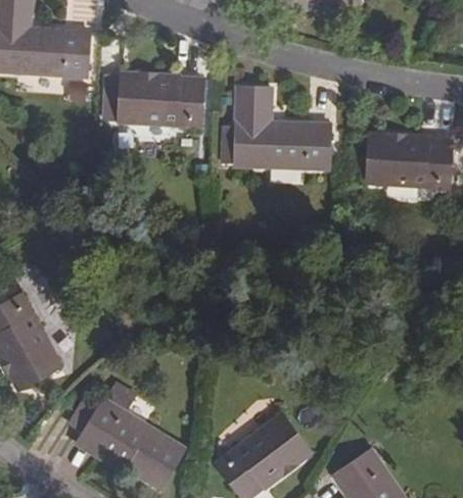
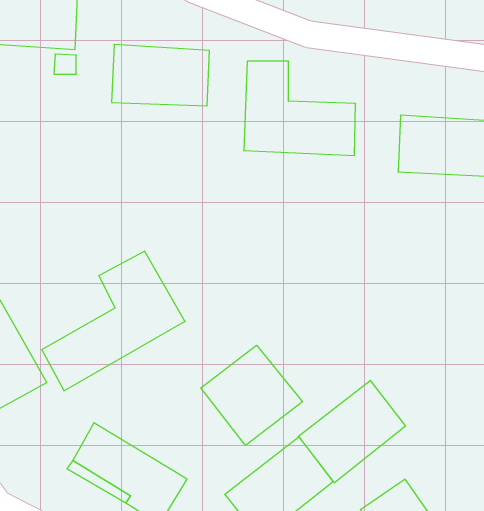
building: none -> [42,251,185,391]
building: none -> [201,345,302,445]
building: none -> [299,380,405,483]

